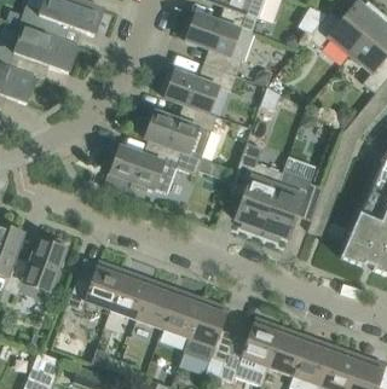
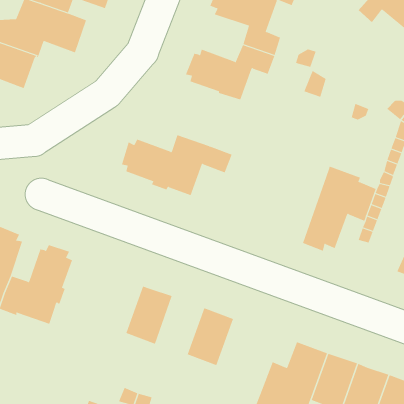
building: [141,106,216,158] -> none
building: [231,141,282,233] -> none
building: [67,260,125,309] -> none
building: [135,278,177,327] -> none
building: [183,297,235,361] -> none

